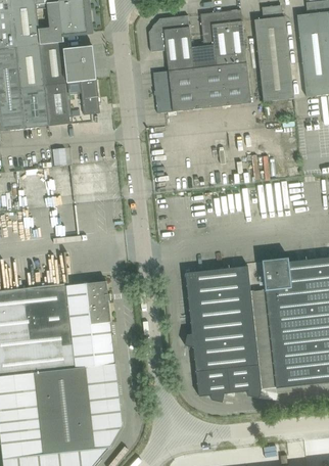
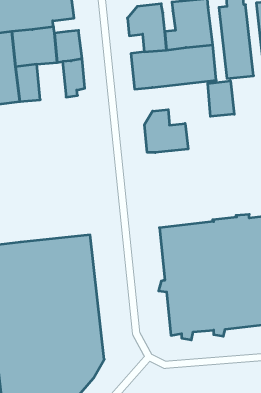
building: [44,82,78,126] -> none
building: none -> [208,81,234,116]
building: none -> [145,110,188,153]

